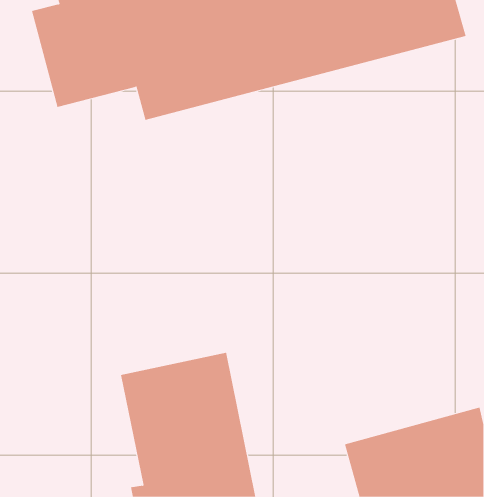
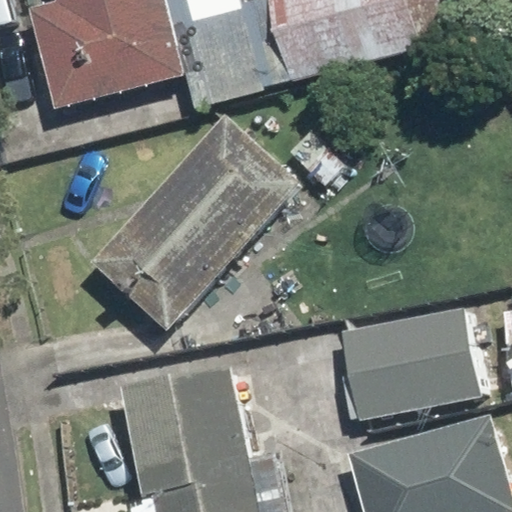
building: none -> [100,119,304,328]
building: none -> [340,308,479,411]

